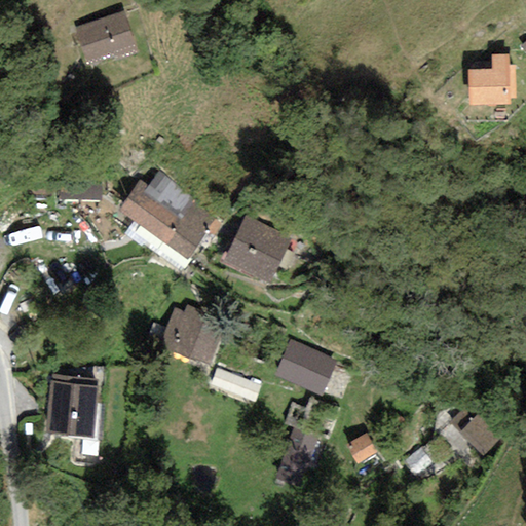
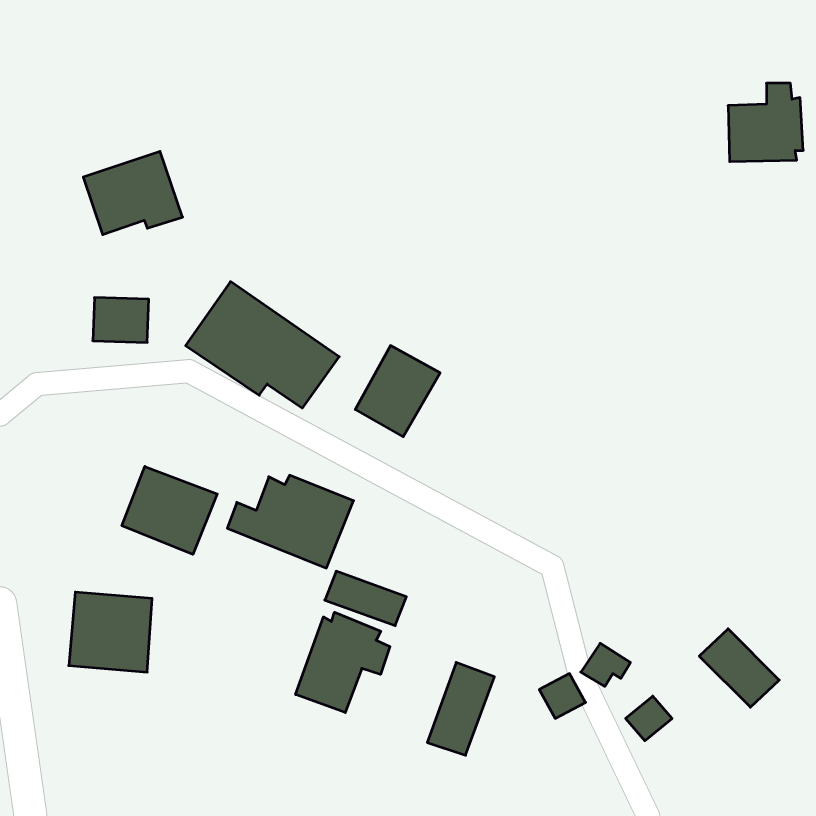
building: [75,9,139,63] -> [83,151,183,235]
building: none -> [122,466,217,554]
building: [275,339,338,393] -> none
building: none -> [296,612,390,713]

